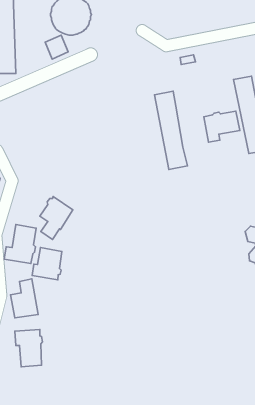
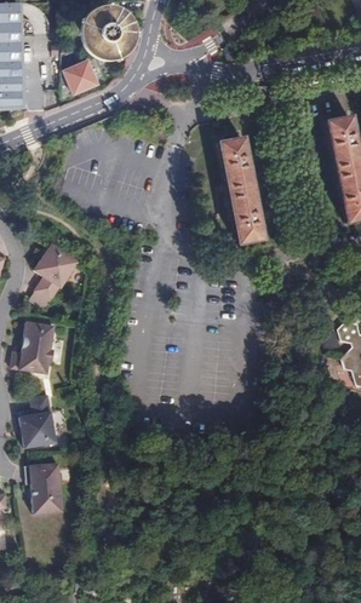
building: [204,111,240,142] -> none
building: [40,197,73,239] -> [34,240,79,298]
building: [32,248,62,280] -> none

